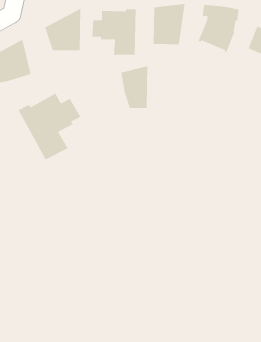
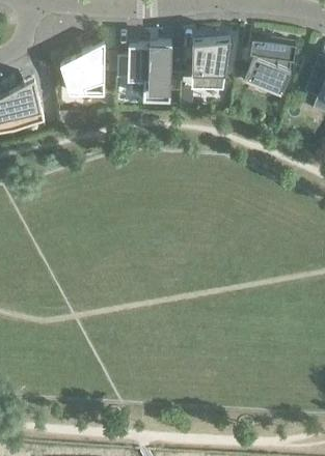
building: [120,65,148,109] -> none
building: [17,92,81,161] -> none

